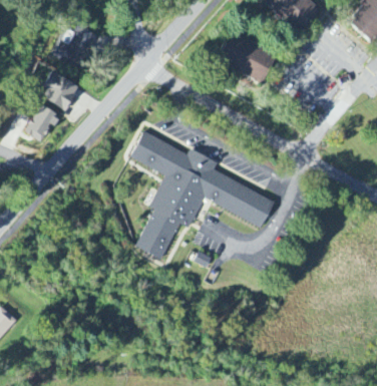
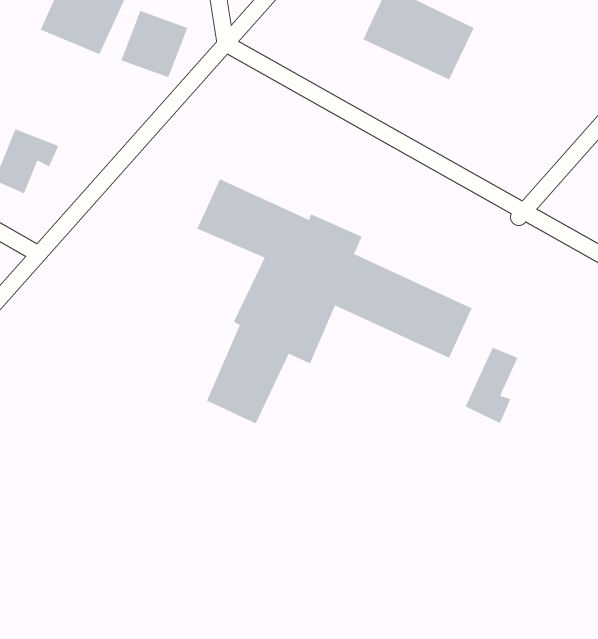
building: [43,73,78,108] -> [120,10,188,78]
building: none -> [465,347,518,424]

